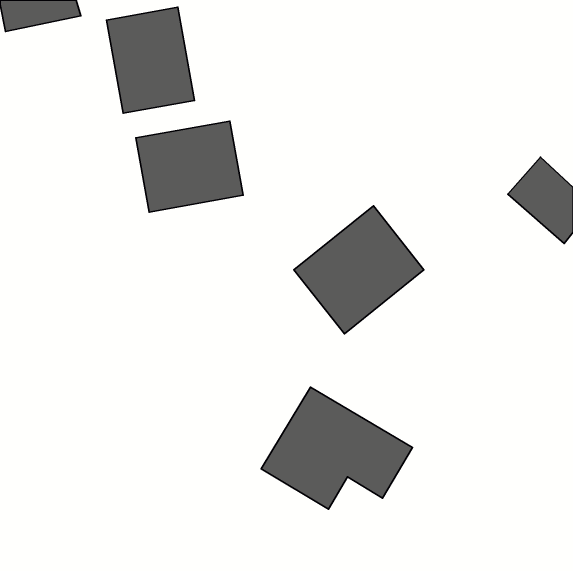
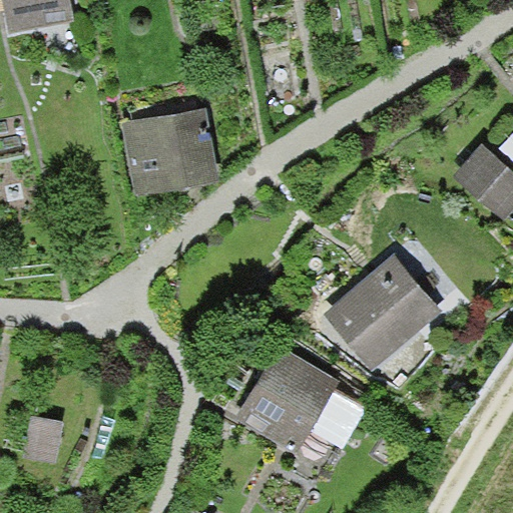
building: [107,7,194,113] -> none
building: [294,206,424,334] -> [325,254,441,369]

